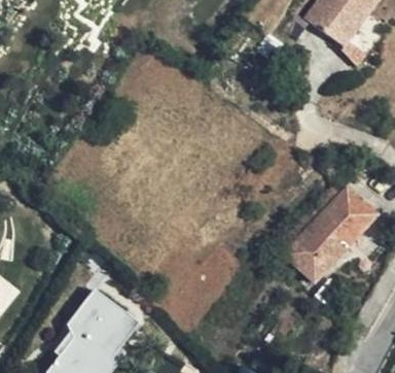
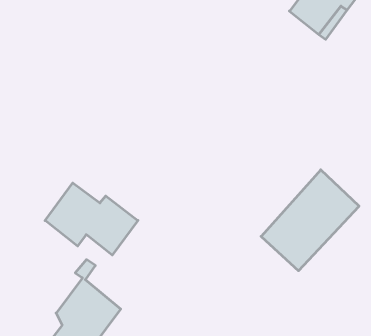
building: none -> [45,183,138,255]

